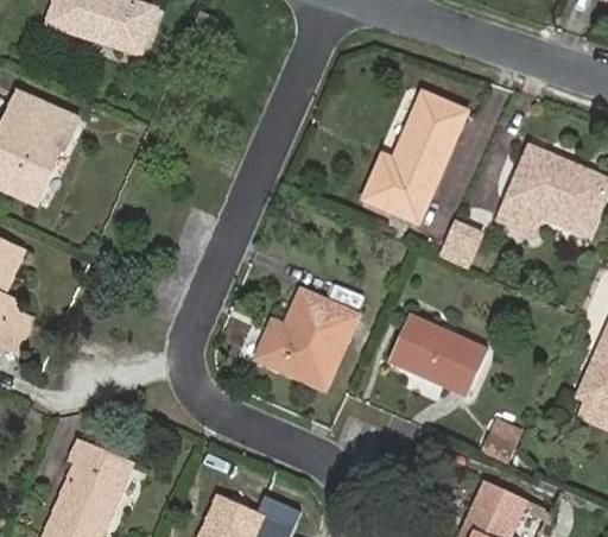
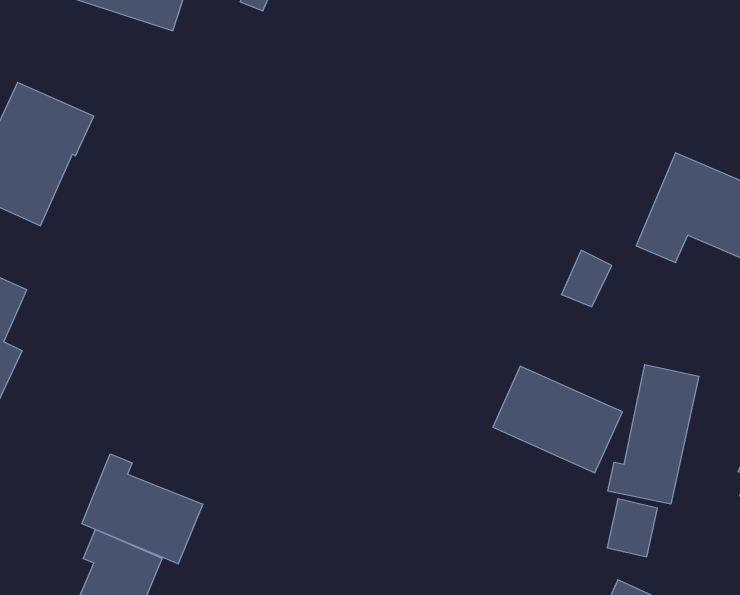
building: [363,91,464,221] -> none
building: [254,290,356,388] -> none
building: none -> [608,365,699,504]
building: none -> [82,454,203,564]

